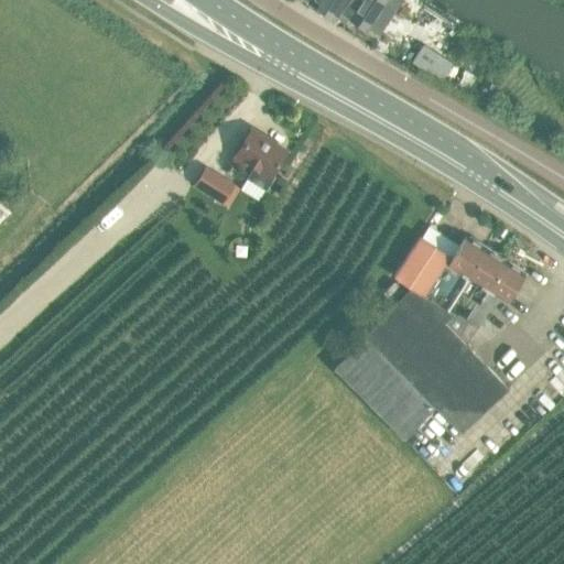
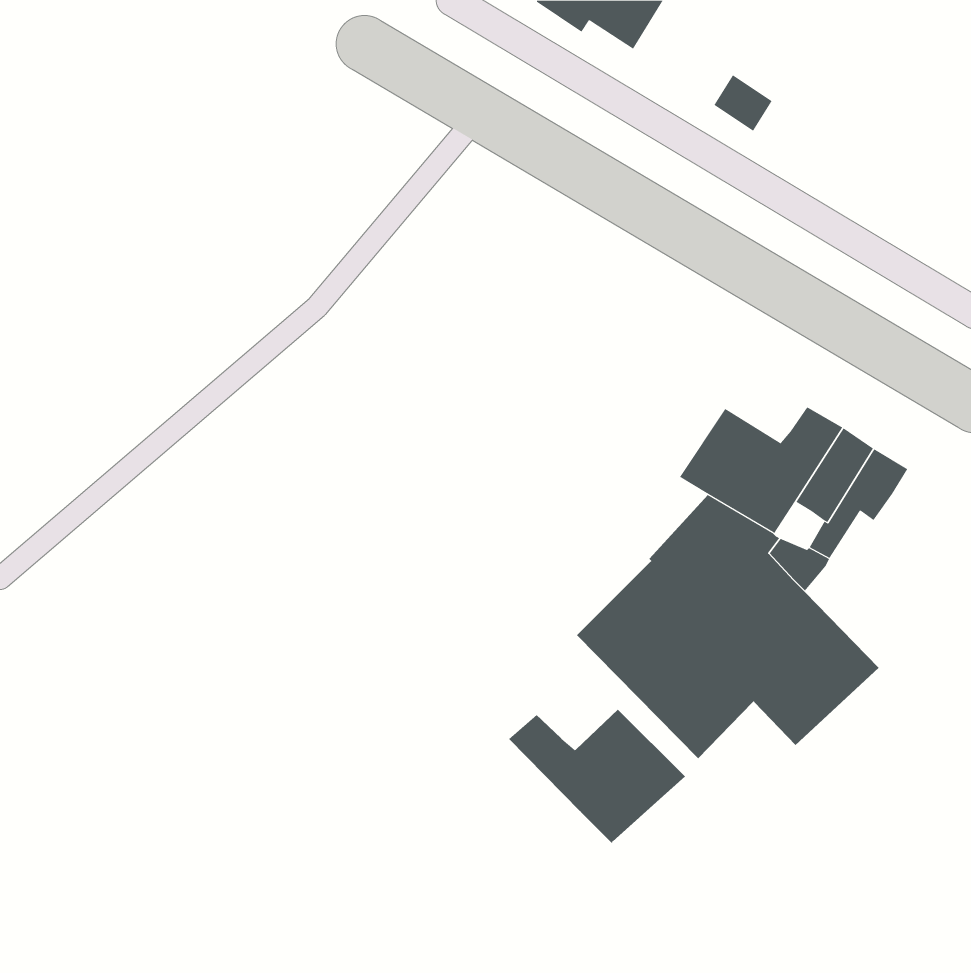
building: [232,129,288,192] -> none
building: [195,166,237,205] -> none
building: none -> [508,709,686,844]

